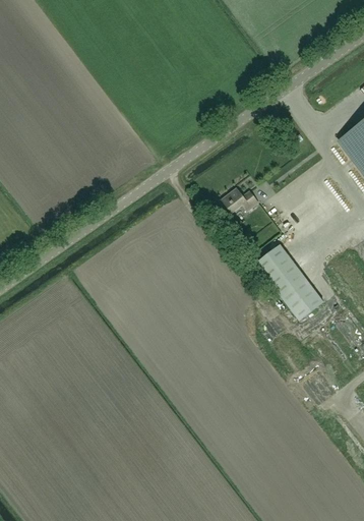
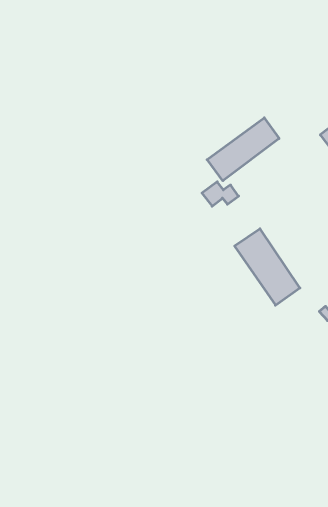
building: none -> [207,118,279,181]

